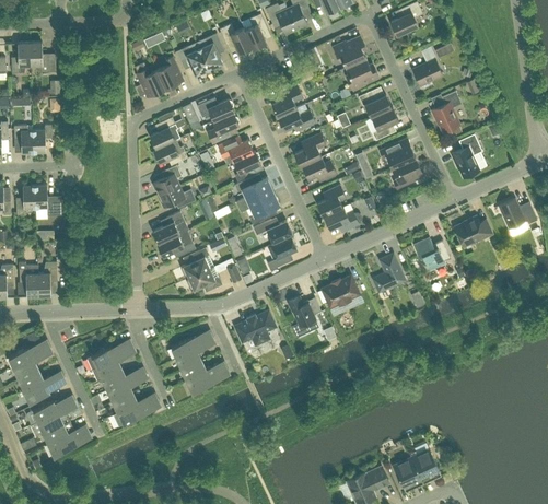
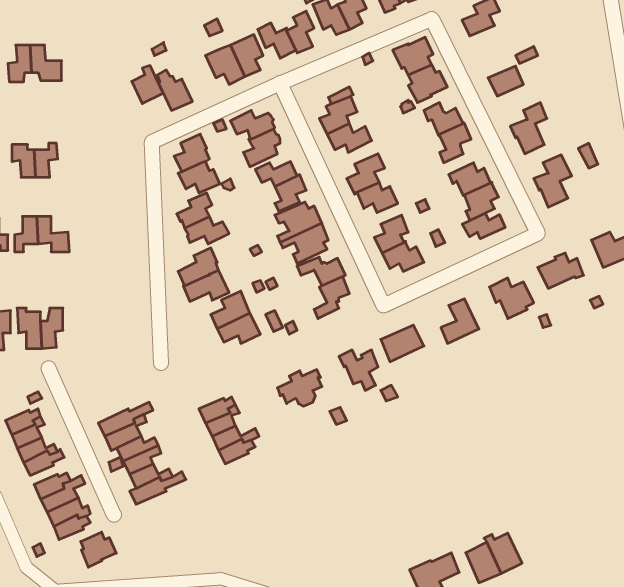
building: [156,58,183,90] -> [132,66,163,104]
building: none -> [462,213,505,239]
building: none -> [81,532,116,567]

